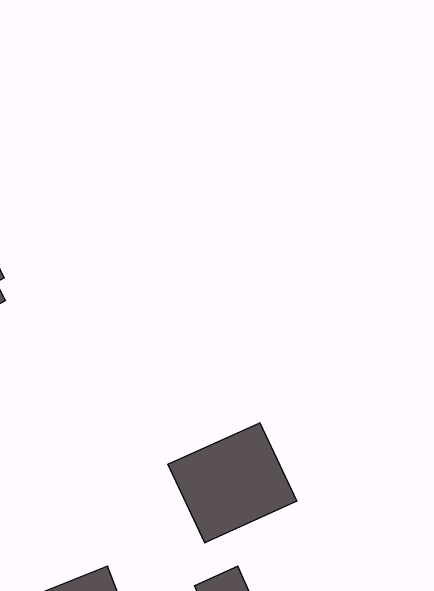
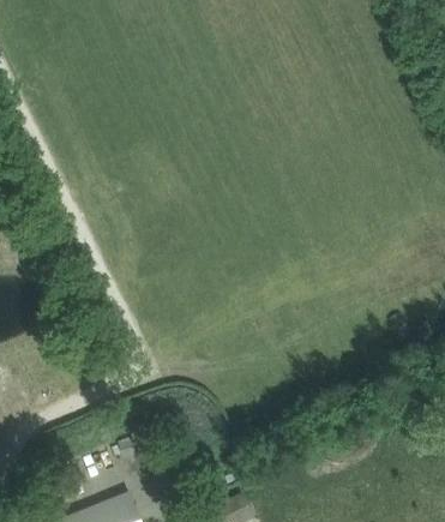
building: [168,423,297,543] -> none

